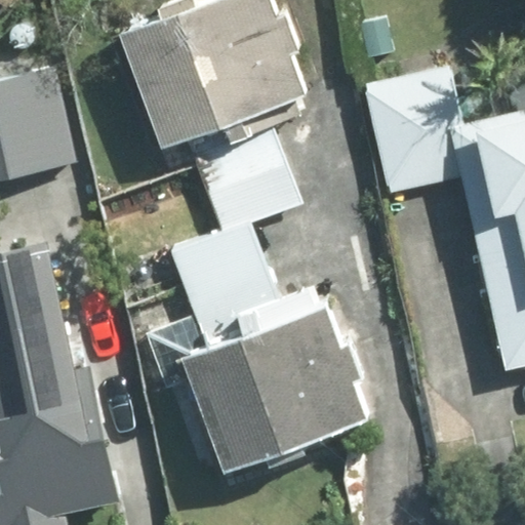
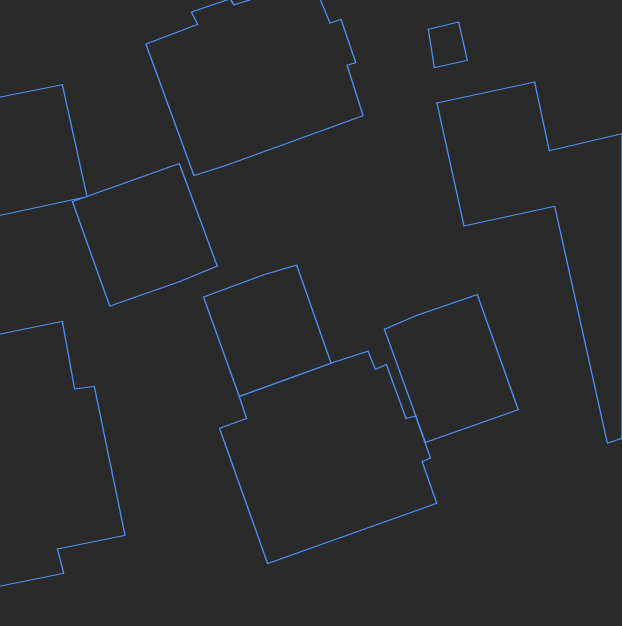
building: [188,111,297,230] -> none
building: none -> [72,163,217,306]
building: none -> [384,294,518,442]

